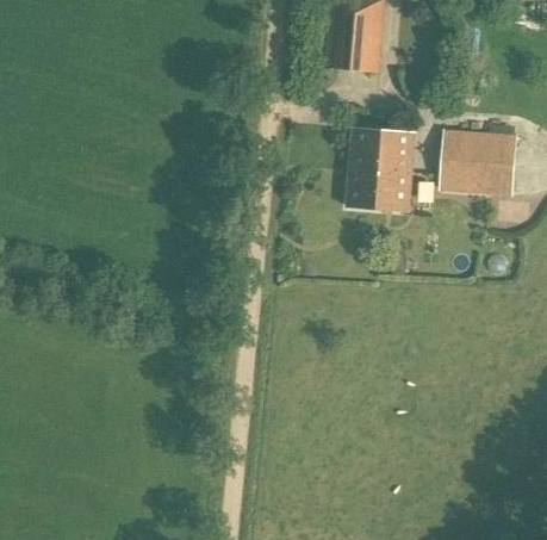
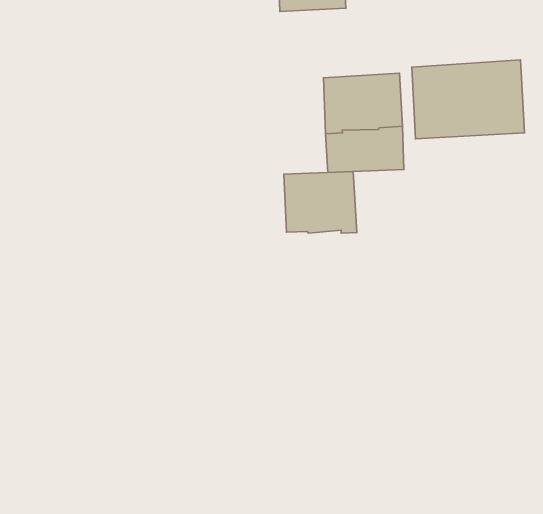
building: none -> [284,171,357,233]

